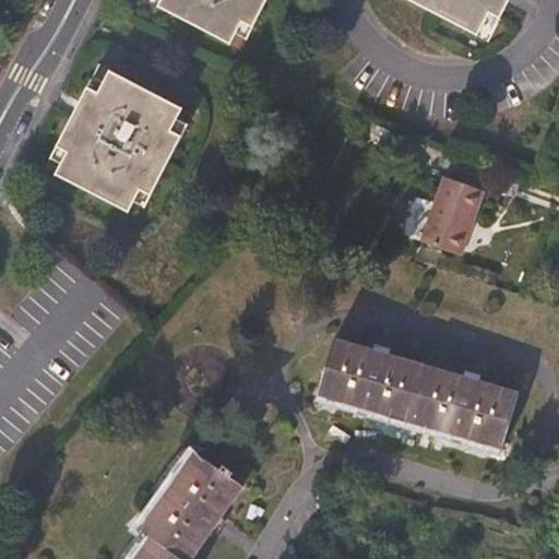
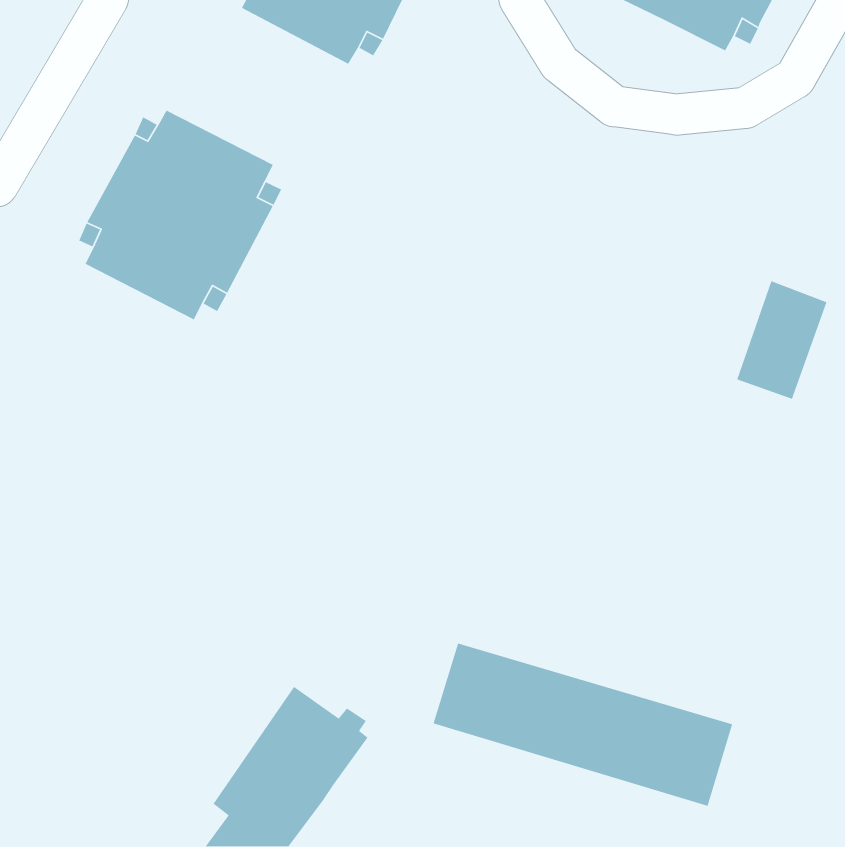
building: [421,176,481,254] -> [736,280,827,400]
building: [318,338,515,447] -> [433,643,733,807]

